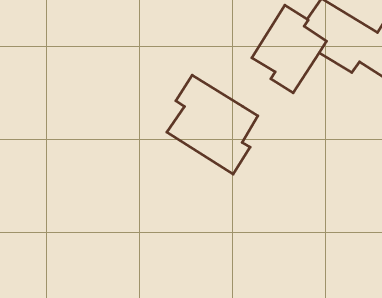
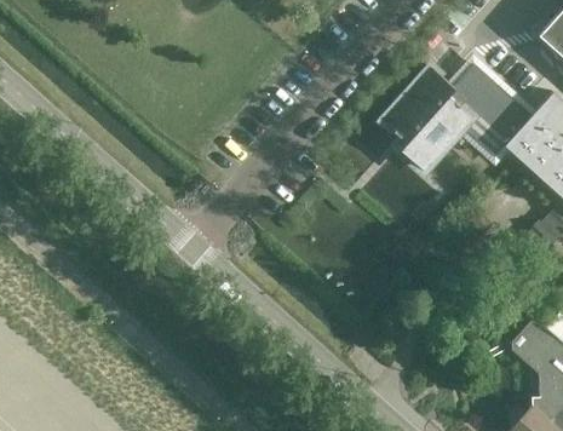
building: [167,75,258,174] -> none

